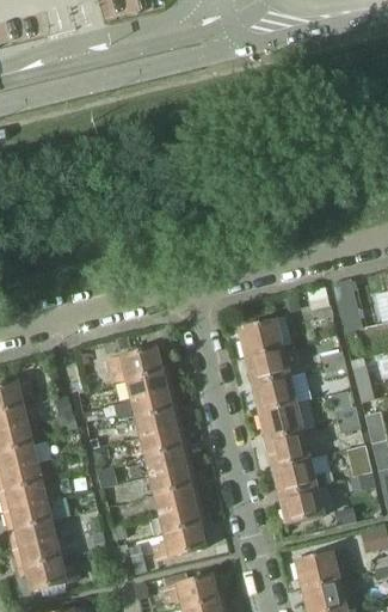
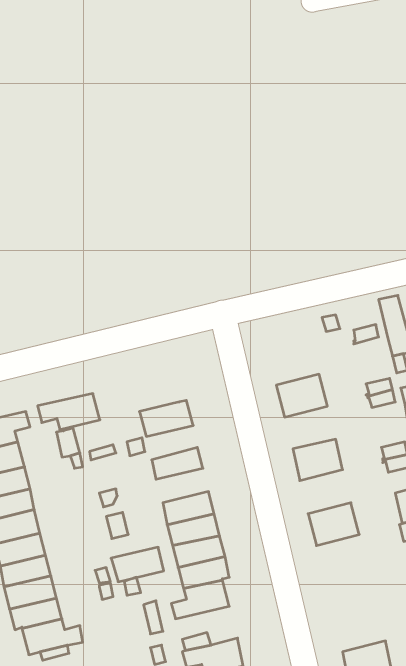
building: [238,319,282,357] -> none
building: [107,349,161,380] -> [38,394,100,429]
building: [252,375,296,412] -> none
building: [133,392,177,422] -> none
building: [141,429,186,459] -> [111,547,164,582]
building: [265,430,309,469] -> none
building: [279,486,324,525] -> none
building: [295,551,339,588] -> none

